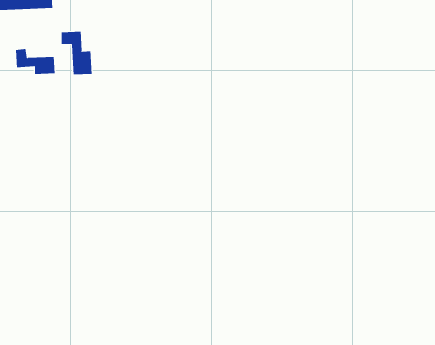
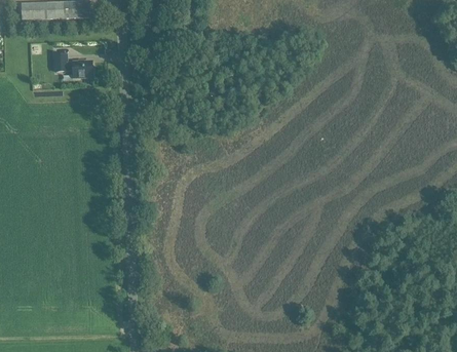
building: [61,31,92,75] -> none

